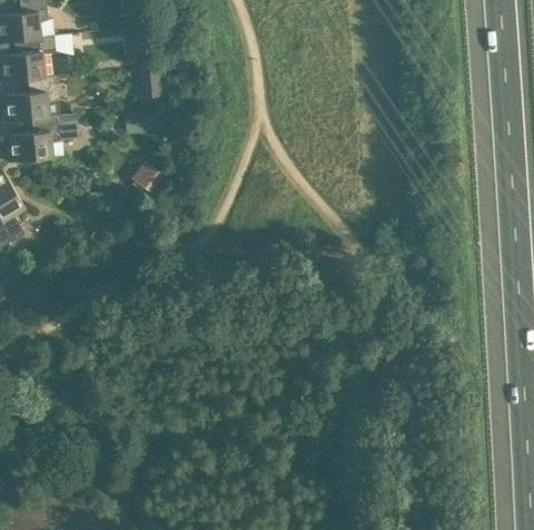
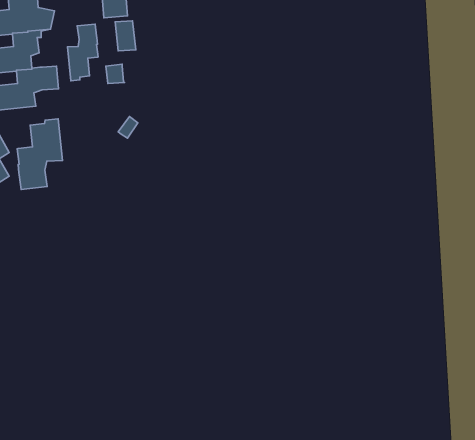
building: none -> [67,24,98,81]
building: none -> [17,119,62,189]

